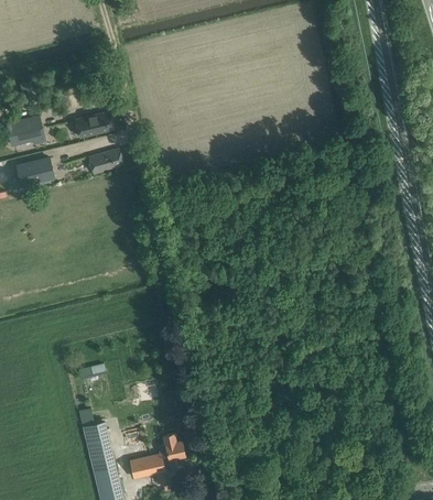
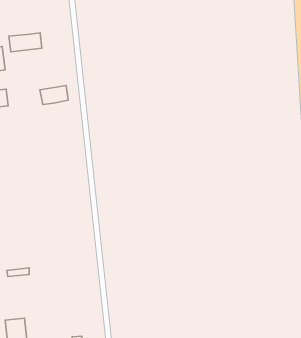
building: [74,111,113,138] -> [9,33,42,52]

